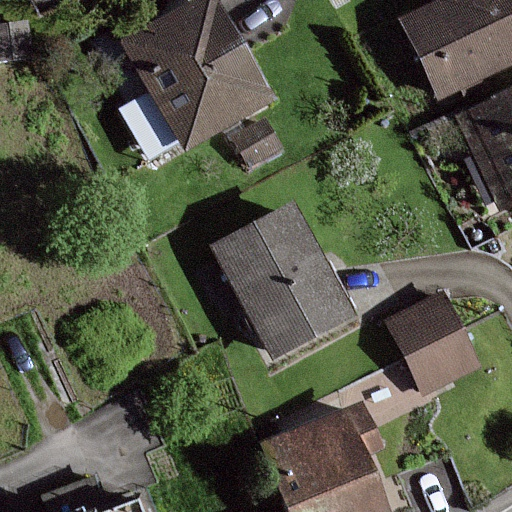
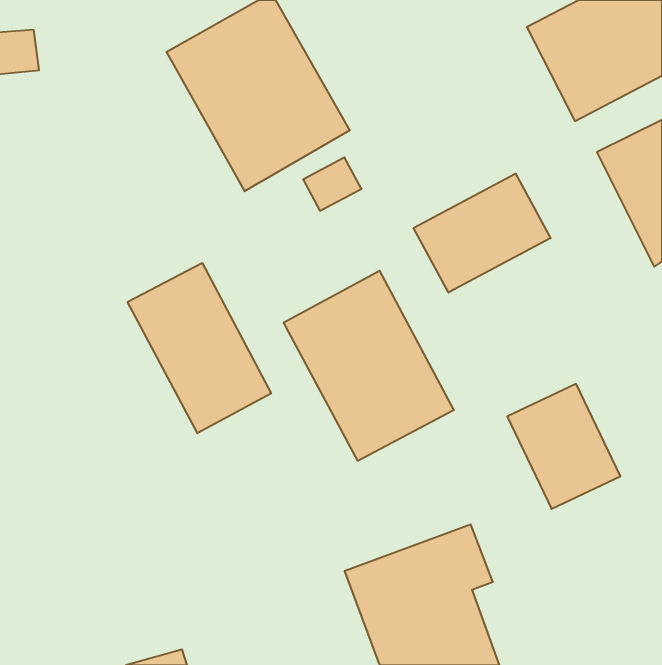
building: none -> [414,174,551,293]
building: none -> [128,263,271,433]

